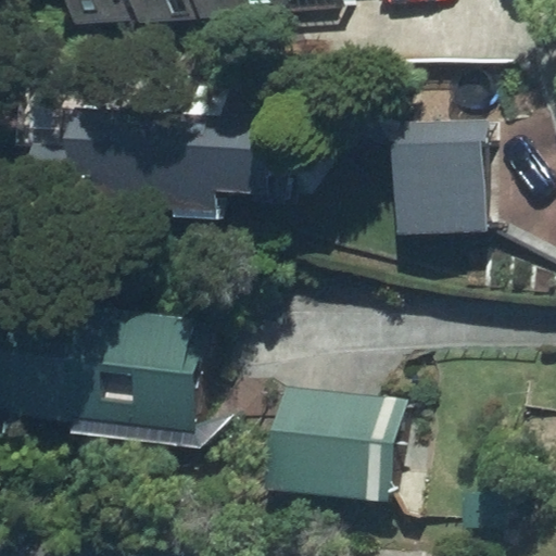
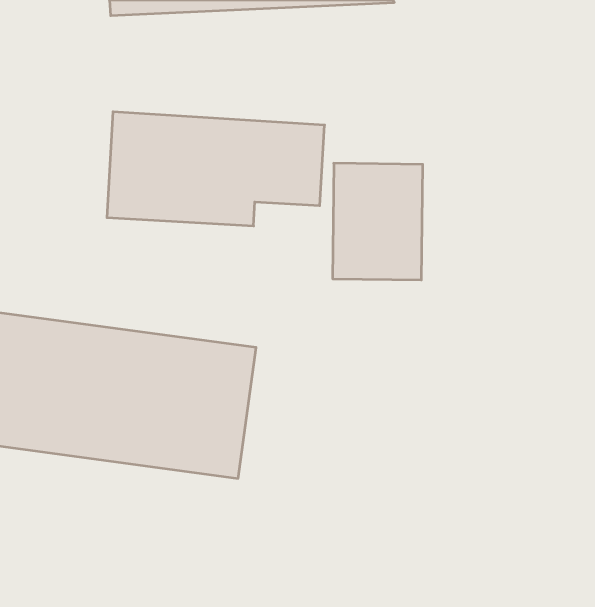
building: [417,127,498,232] -> [333,163,423,280]
building: [276,389,414,504] -> none

